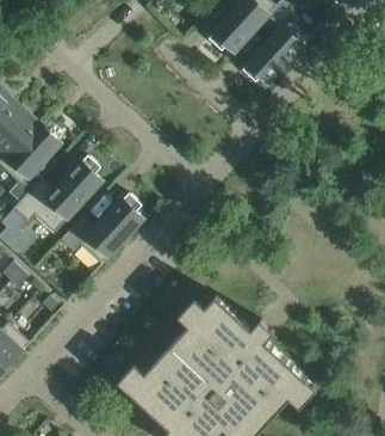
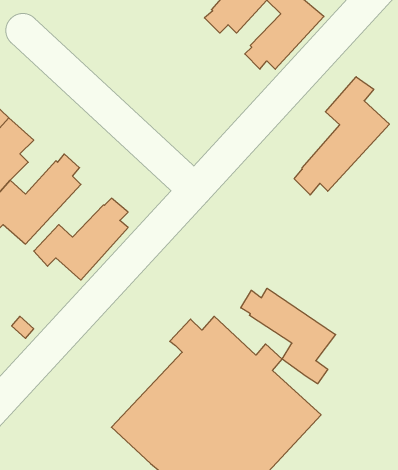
building: none -> [294,77,389,195]
building: none -> [241,288,336,384]

